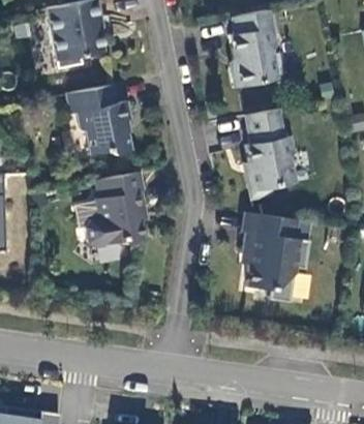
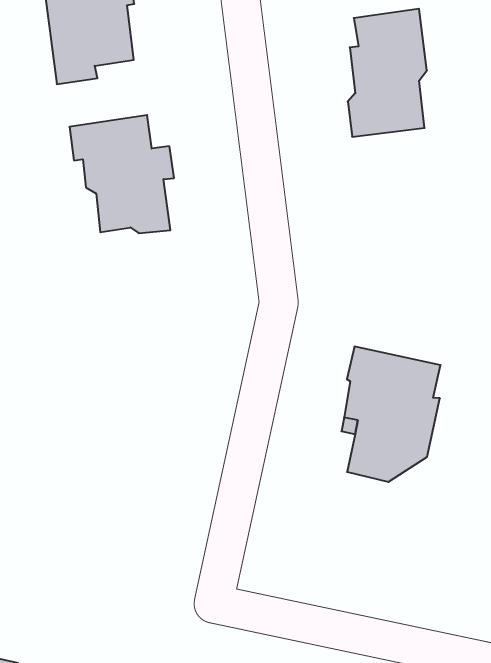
building: [245,109,294,196] -> none
building: [86,172,144,246] -> none

